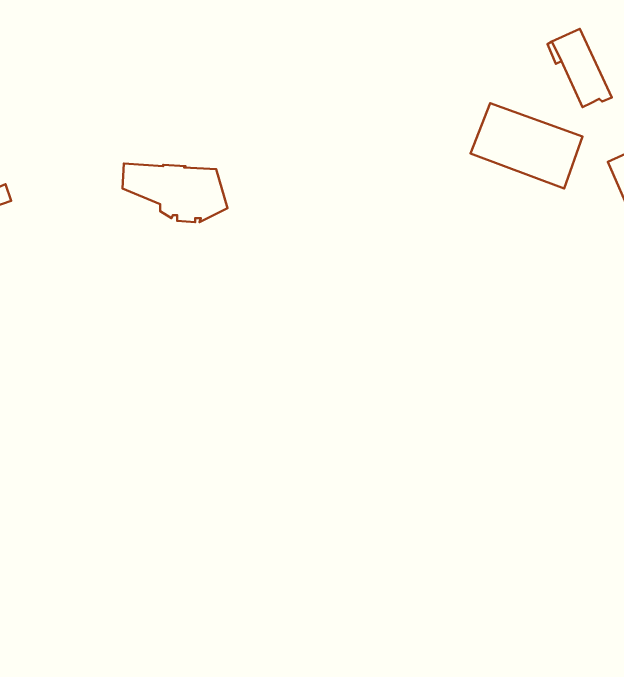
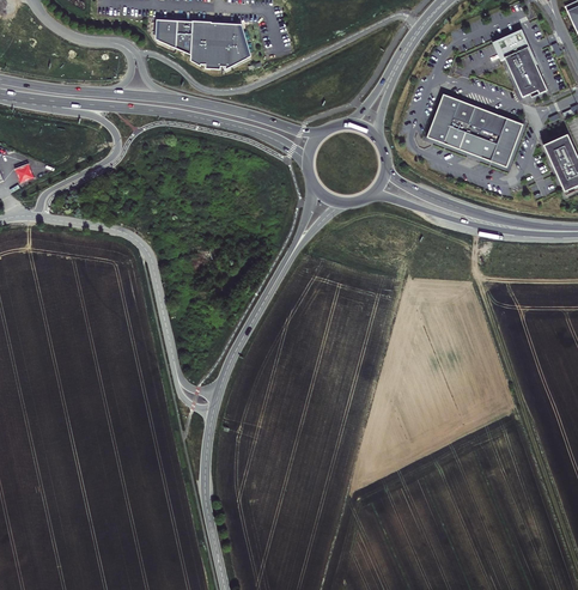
building: [122,163,227,222] -> [158,18,248,68]

